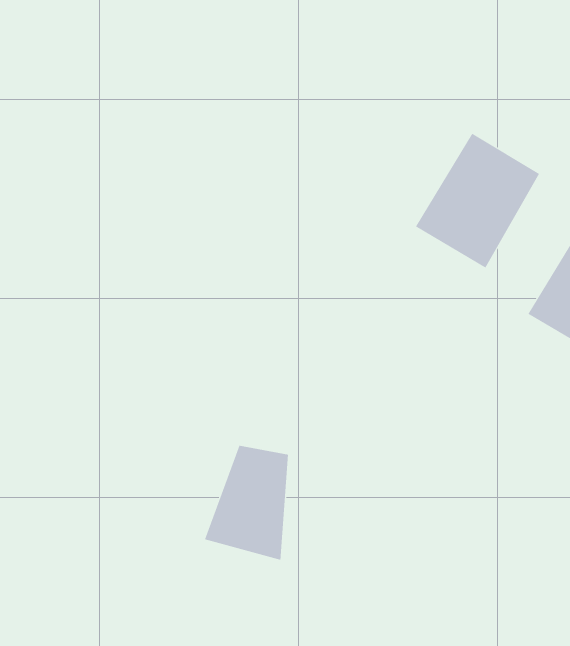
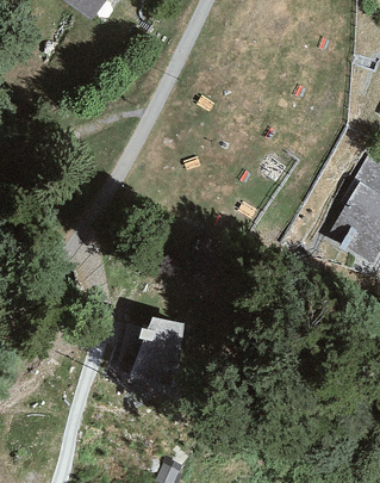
building: [415,133,540,268] -> none

